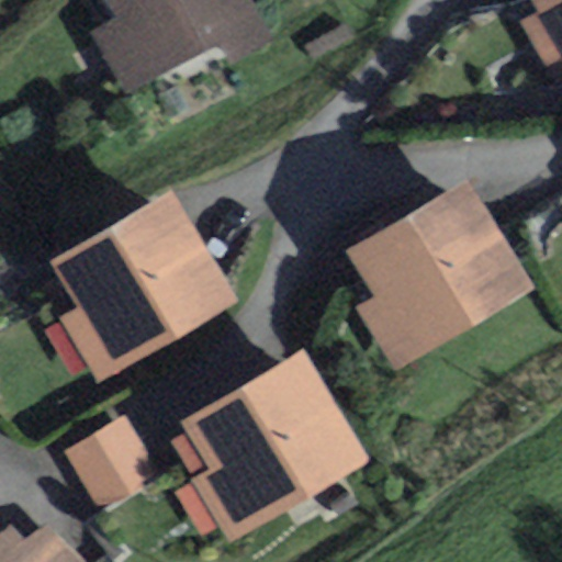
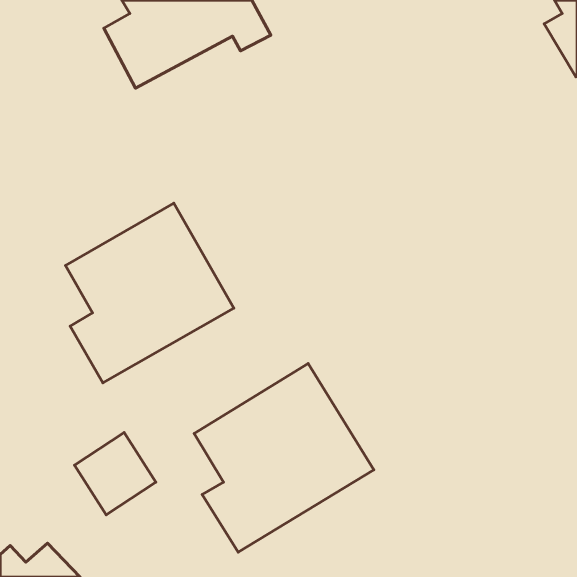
building: [362,187,527,362] -> none

